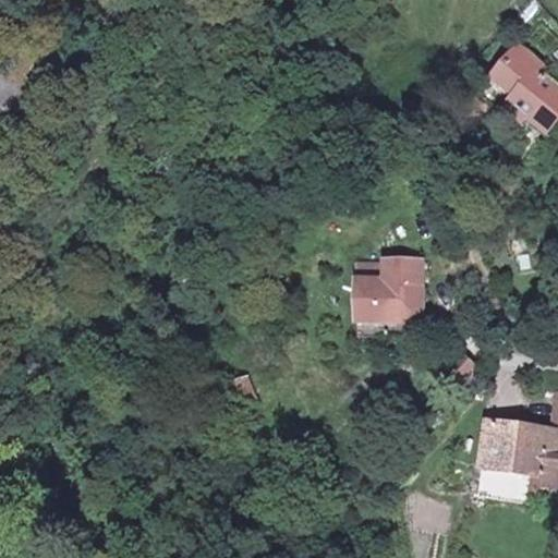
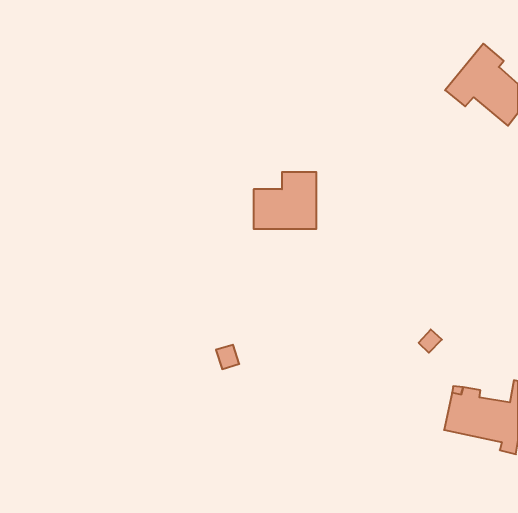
building: [354,254,422,315] -> [254,172,316,229]

